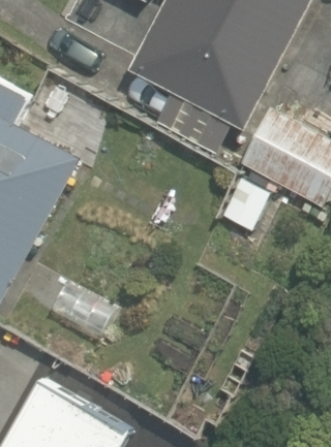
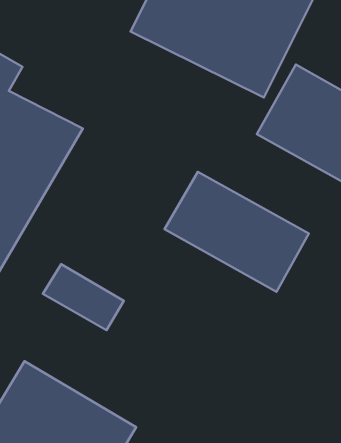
building: none -> [165,172,309,292]

